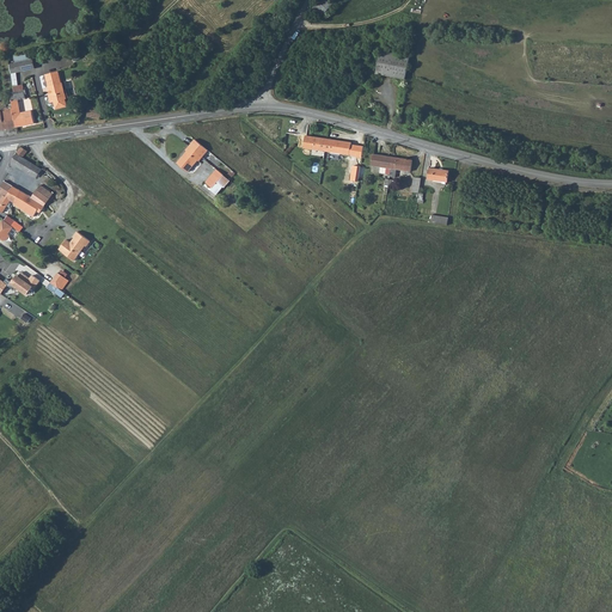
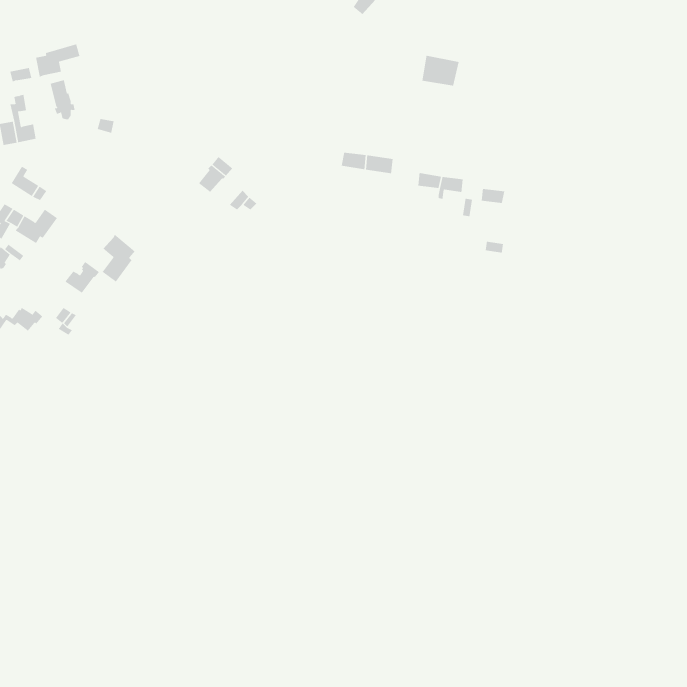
building: none -> [36,44,80,78]
building: none -> [102,234,136,283]

